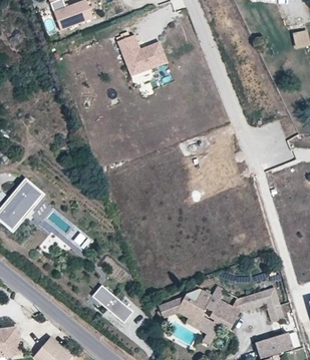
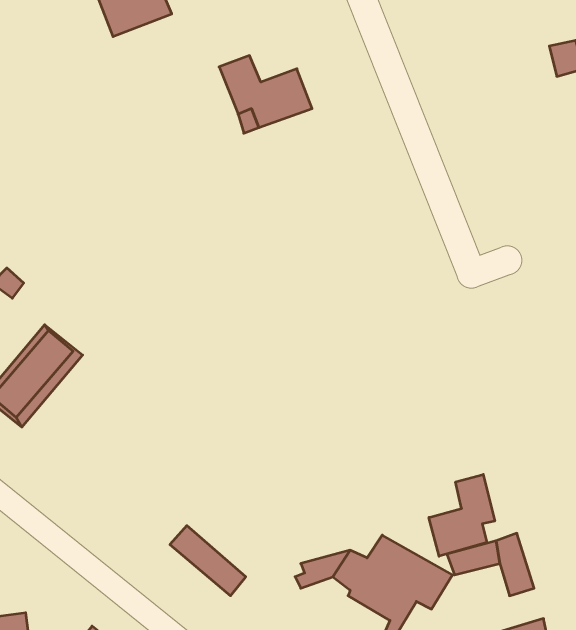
building: none -> [429,474,495,556]

